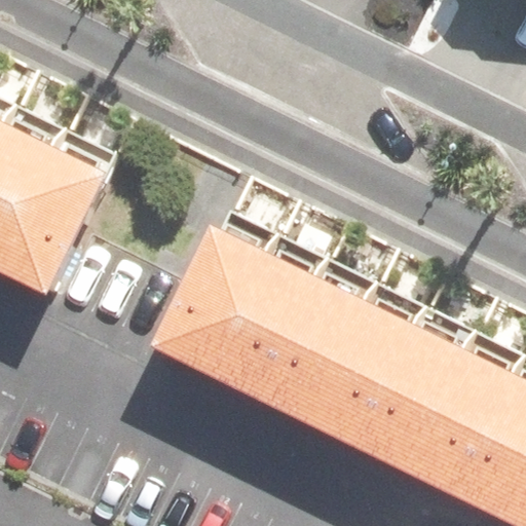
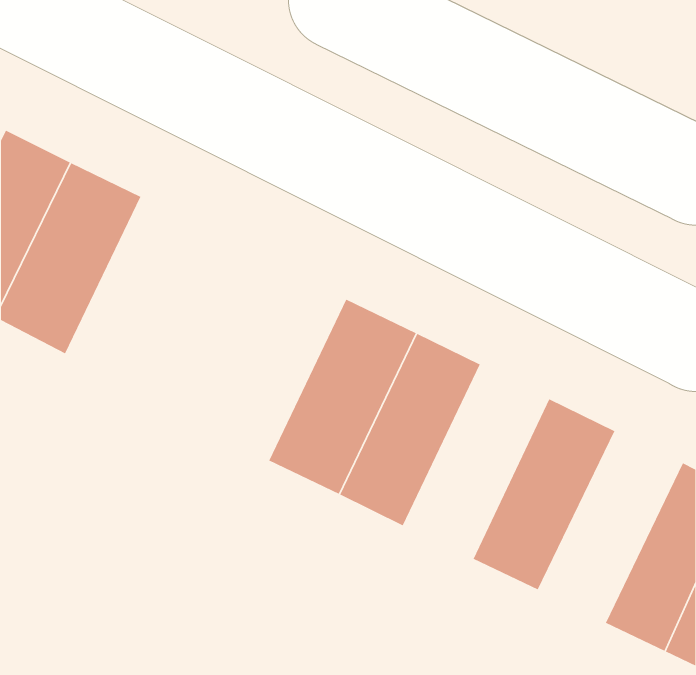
building: [148,217,261,364] -> none
building: [304,291,414,438] -> none
building: [406,341,515,486] -> none

